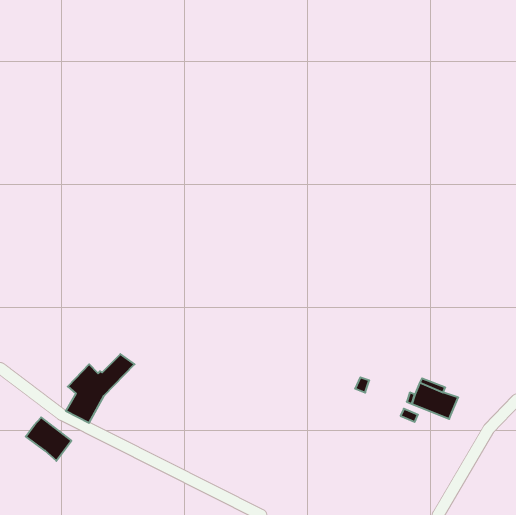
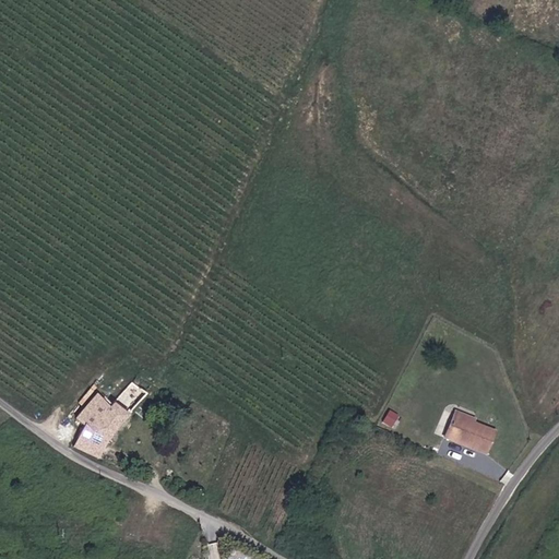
building: [26,417,71,461] -> none

